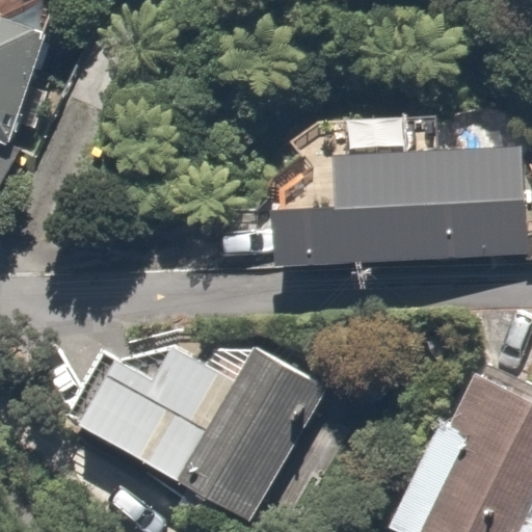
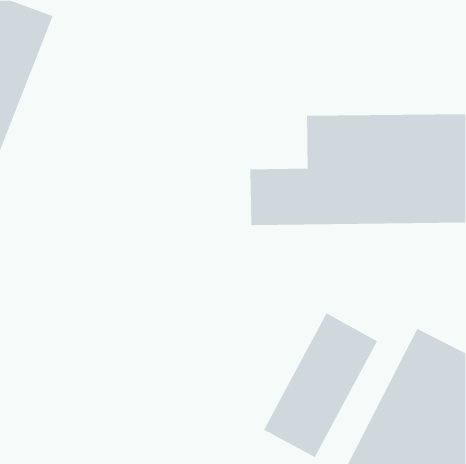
building: [80,348,235,482] -> none
building: [191,349,320,512] -> [263,313,378,458]

